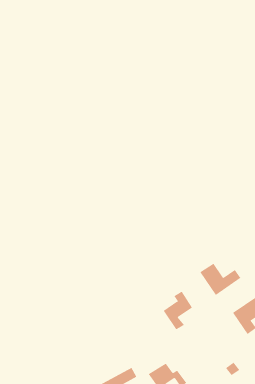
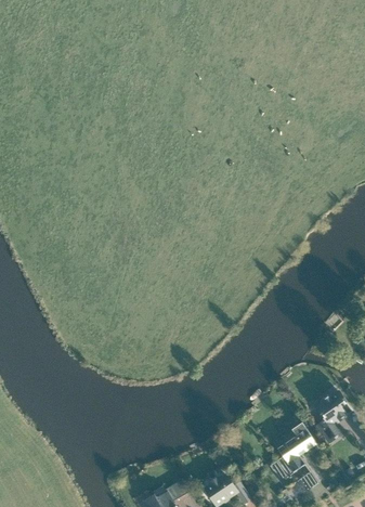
building: [199,263,241,296] -> none
building: [163,291,193,330] -> [278,424,315,472]

